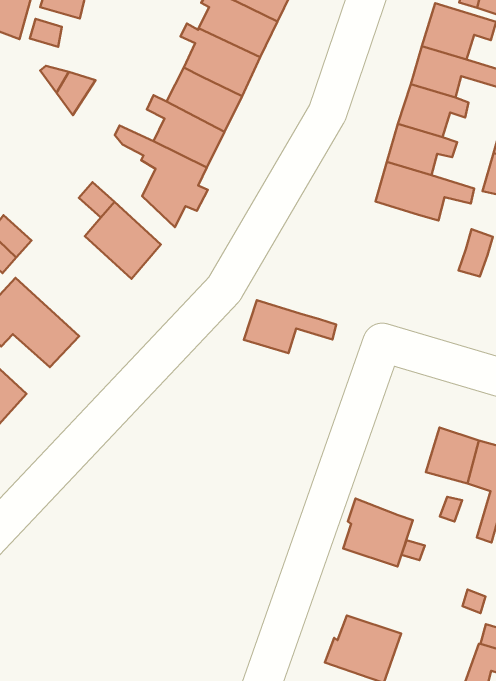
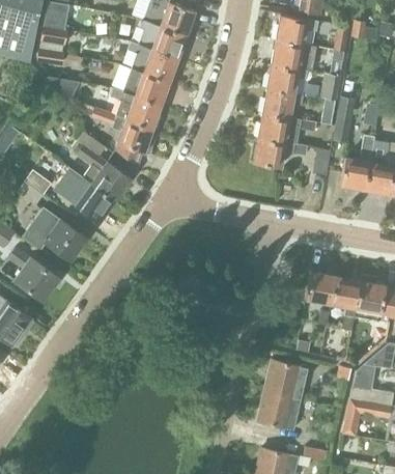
building: none -> [54,168,114,222]
building: [244,300,336,353] -> [252,137,307,167]
building: [343,499,413,566] -> [267,359,308,397]

